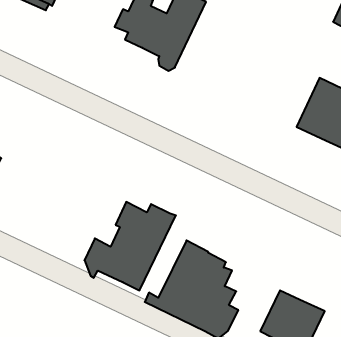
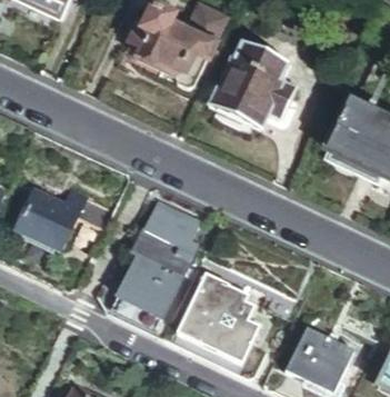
building: none -> [209,39,296,127]
building: none -> [12,186,116,248]
building: none -> [141,200,198,241]

